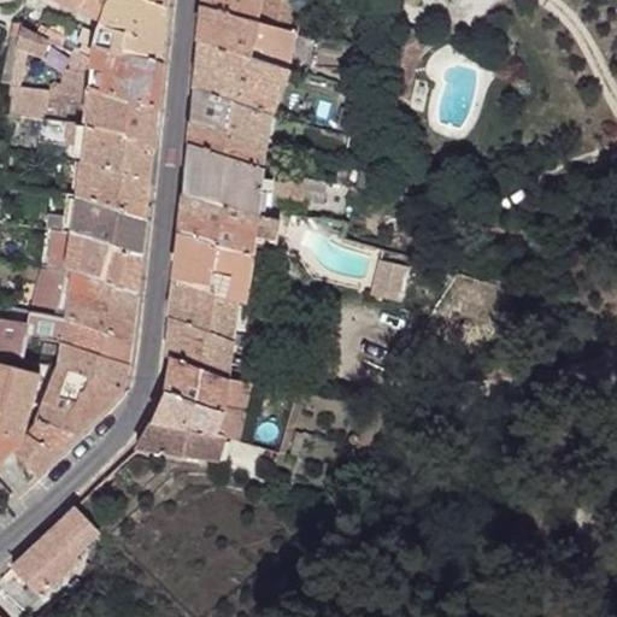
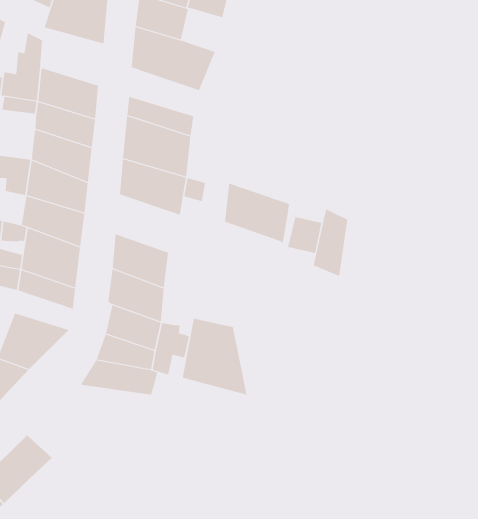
building: [249,22,296,71] -> none
building: [89,43,161,110] -> none
building: [189,89,270,145] -> none
building: [174,234,248,302] -> [224,183,290,243]
building: none -> [313,208,348,277]
building: [59,343,127,388] -> none
building: none -> [182,318,247,396]

